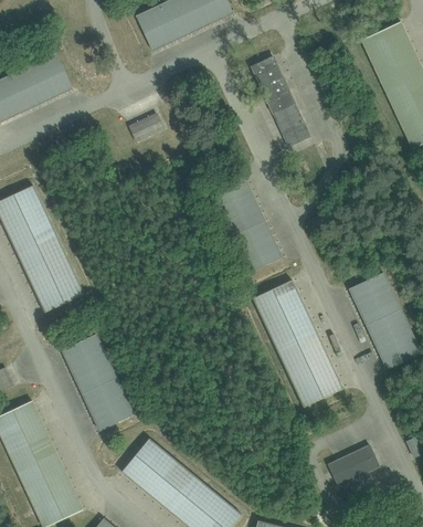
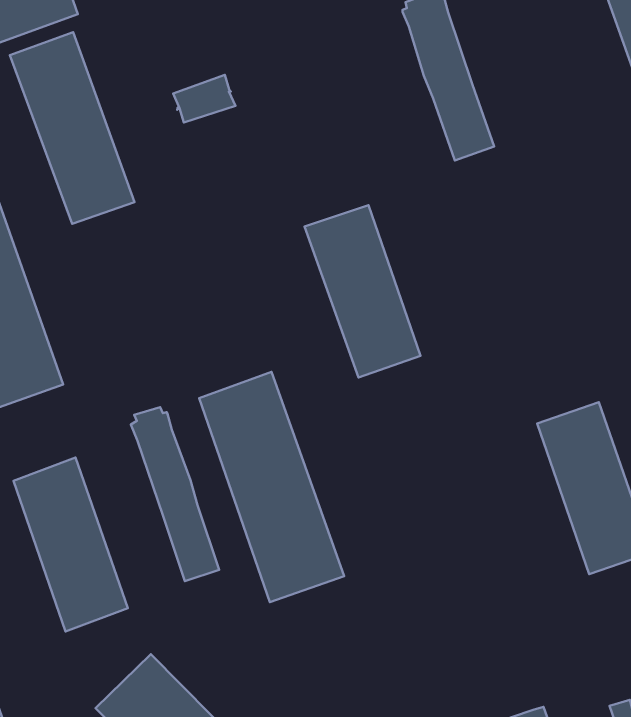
building: none -> [10,32,134,224]
building: [253,280,343,408] -> [199,372,344,602]
building: none -> [131,407,219,581]

